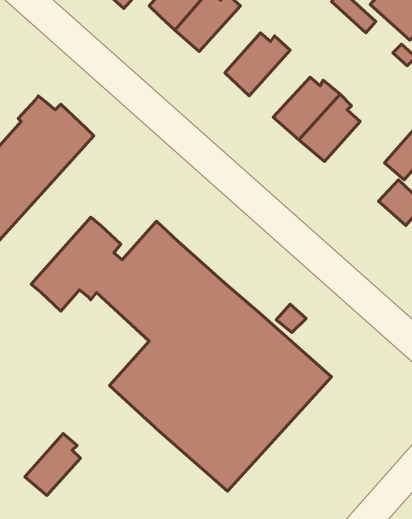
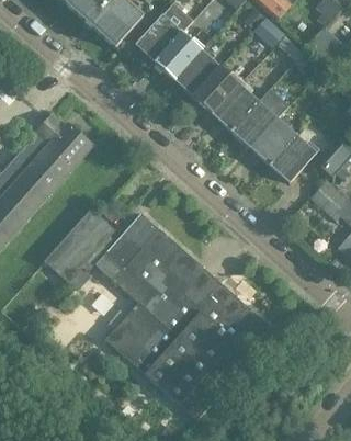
building: none -> [174,45,222,97]
building: none -> [213,79,260,131]
building: none -> [271,134,320,181]
building: [25,433,81,495] -> none

